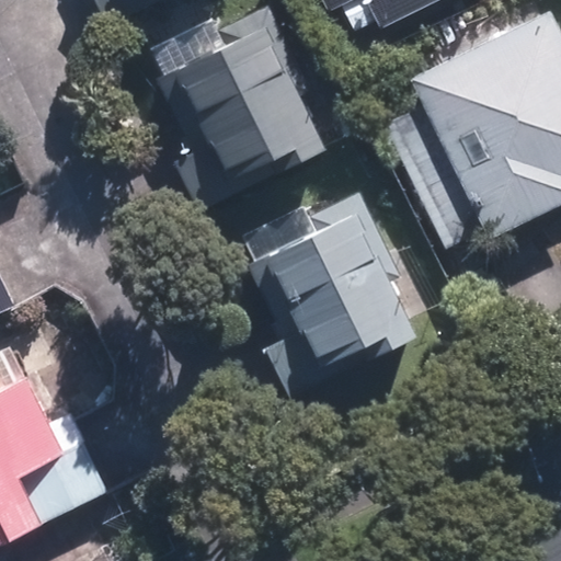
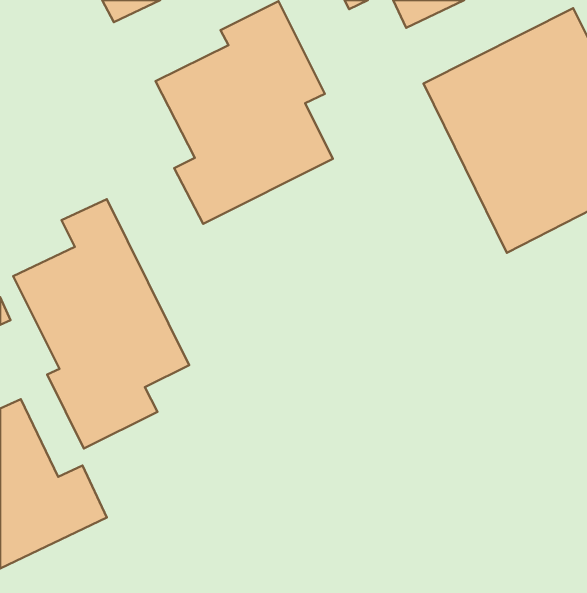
building: none -> [13,199,189,449]
building: [243,188,411,398] -> none

